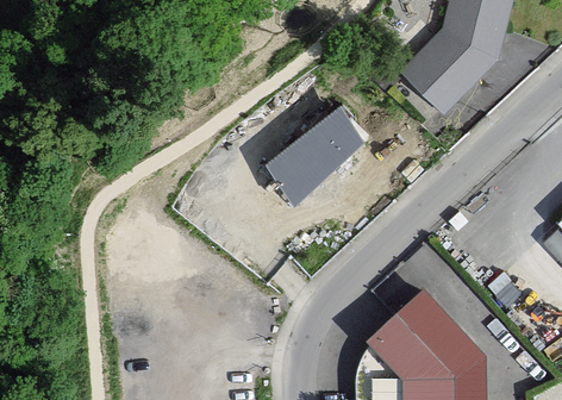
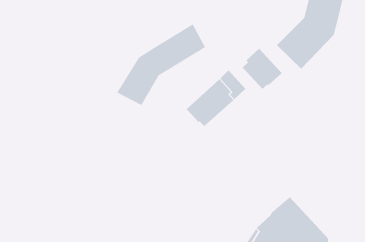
building: none -> [116,24,206,106]
building: none -> [242,48,283,90]

